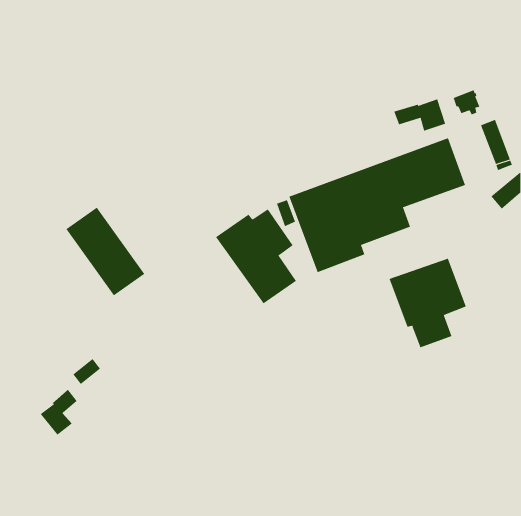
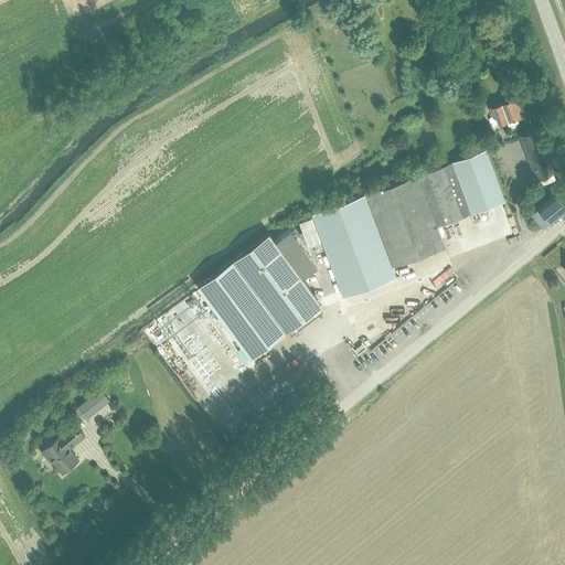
building: [393,99,446,132] -> none
building: [66,207,145,296] -> [199,262,285,359]
building: [389,258,466,348] -> none

